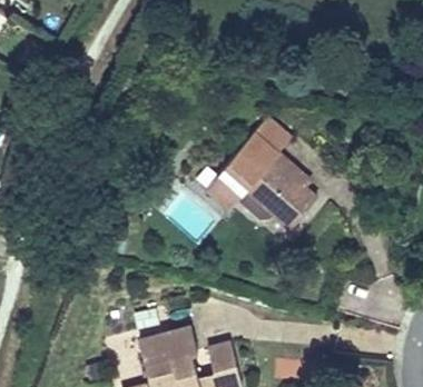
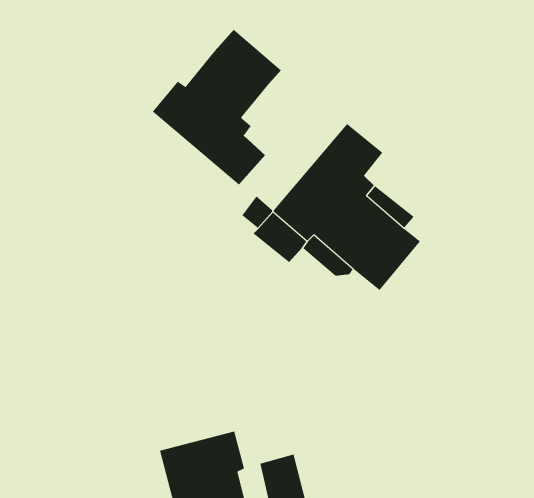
building: none -> [153,29,282,185]

